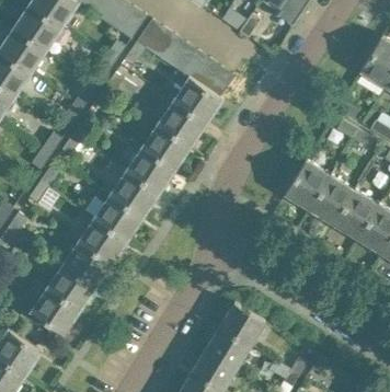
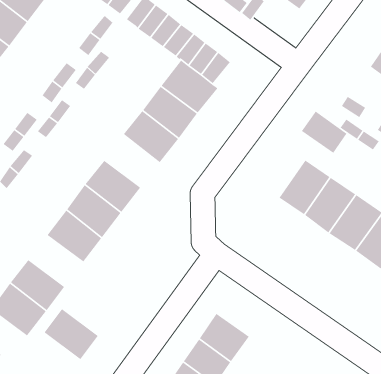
building: none -> [301,110,347,154]
building: [124,148,174,195] -> none
building: [60,243,111,289] -> [43,308,99,360]

